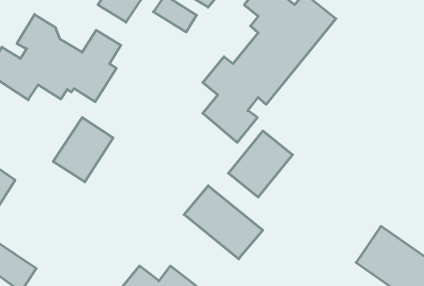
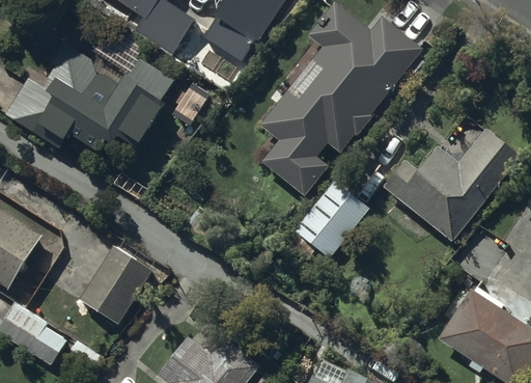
building: none -> [385,128,515,236]
building: [53,117,113,182] -> [78,246,148,322]
building: [184,186,263,259] -> none

